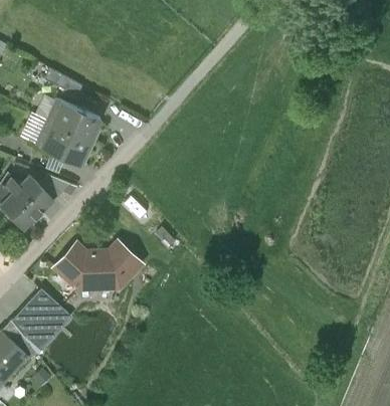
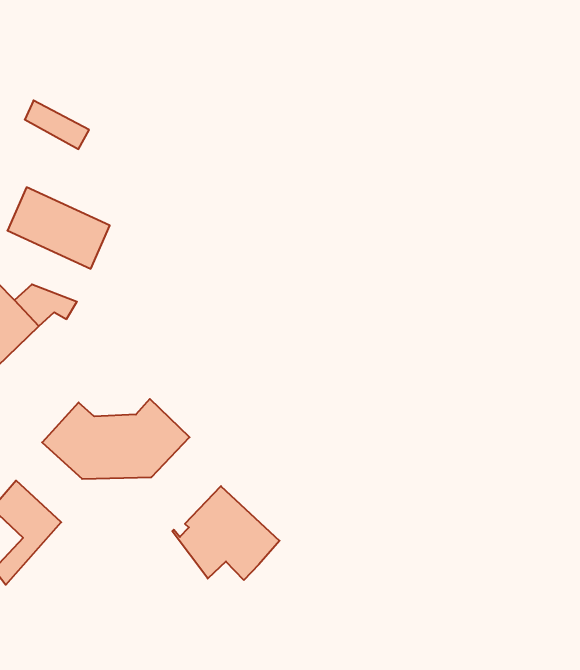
building: [46,98,101,142] -> none
building: none -> [172,486,280,580]

